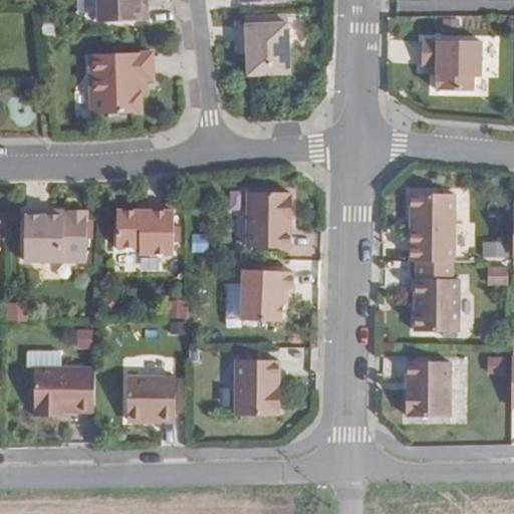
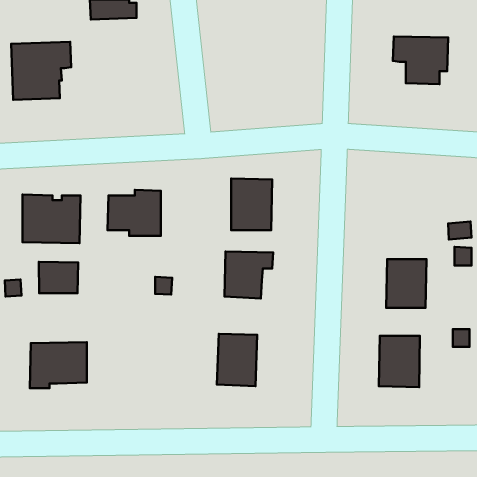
building: [238,22,289,74] -> none
building: [88,51,153,113] -> [11,42,71,100]
building: [410,196,453,261] -> none
building: none -> [39,262,78,293]
building: [125,376,175,420] -> none

